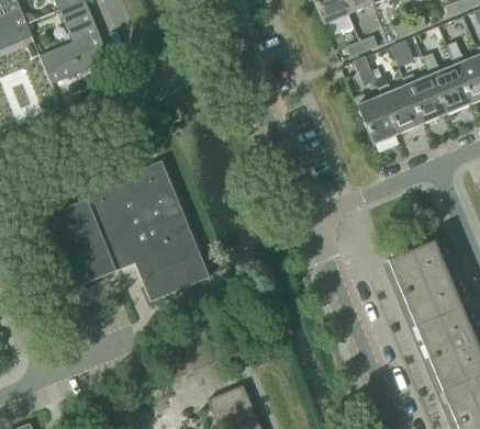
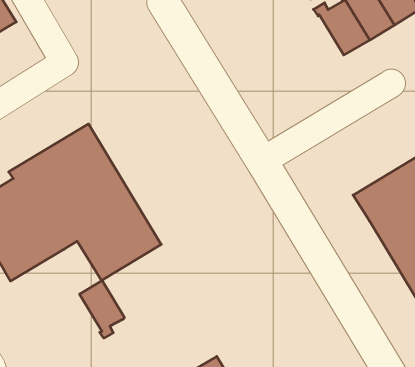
building: [354,94,398,145] -> none
building: none -> [80,280,124,338]

